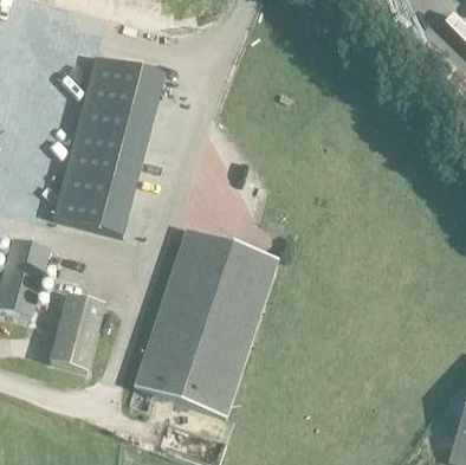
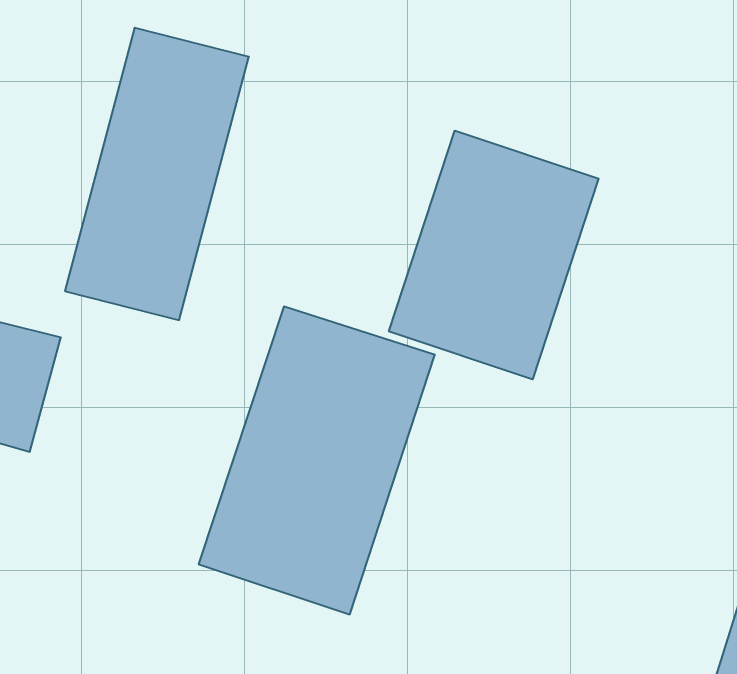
building: none -> [389,131,599,379]
building: [51,292,106,370] -> none

